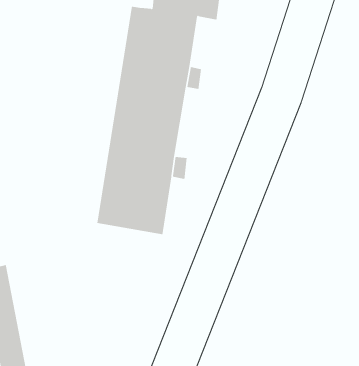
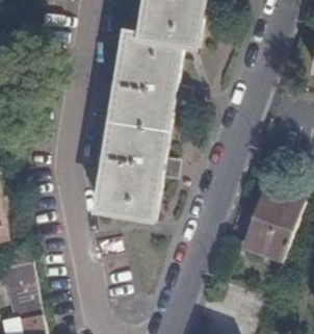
building: none -> [243,188,304,261]

